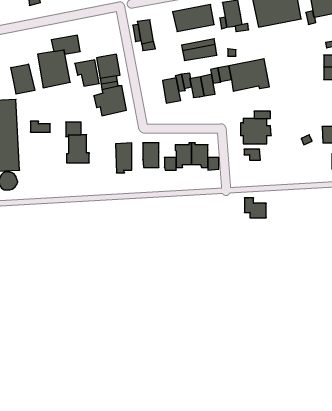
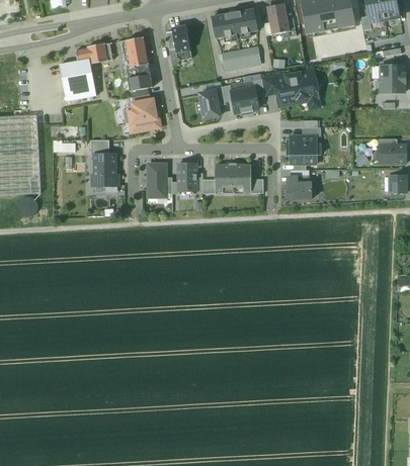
building: [75,60,99,86] -> [120,37,148,67]
building: [11,64,35,94] -> none
building: [244,198,266,218] -> [286,176,311,198]

